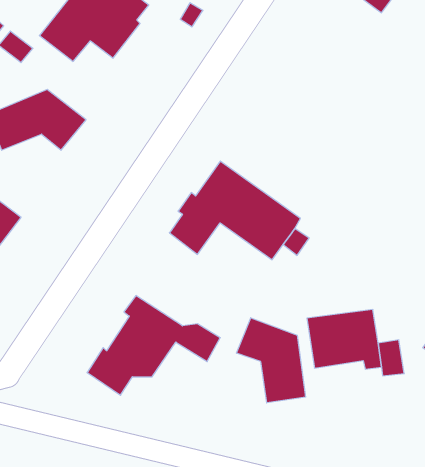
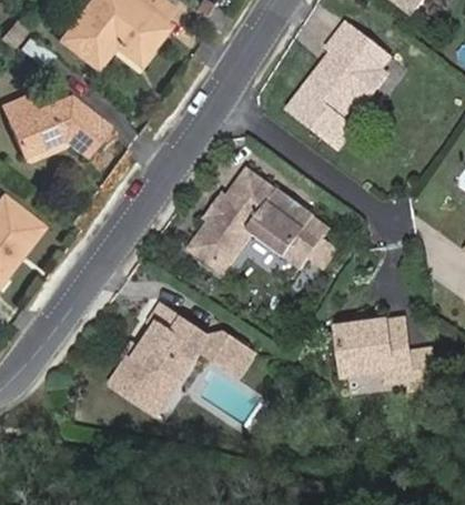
building: none -> [285,21,390,149]
building: [237,318,305,403] -> none

